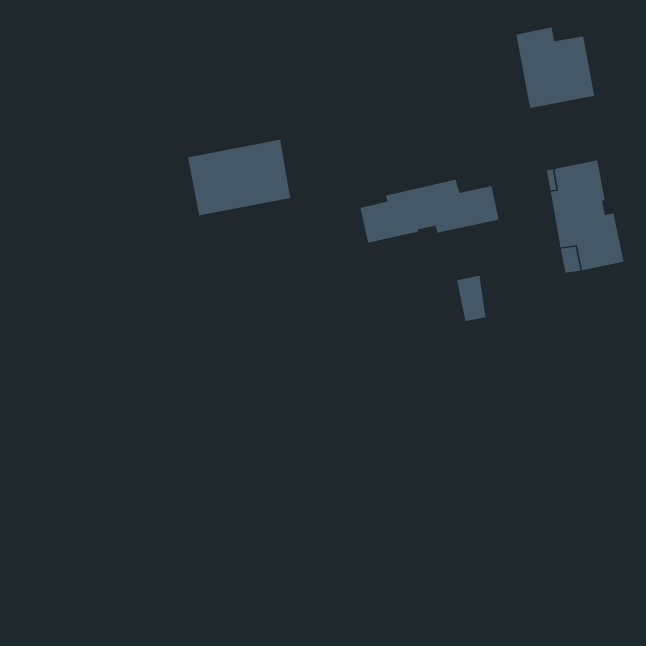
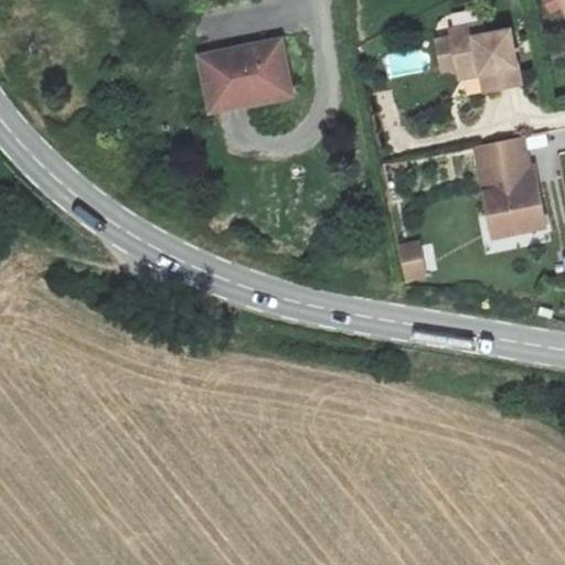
building: [187,139,291,216] -> [199,39,289,106]
building: [360,179,499,244] -> none

